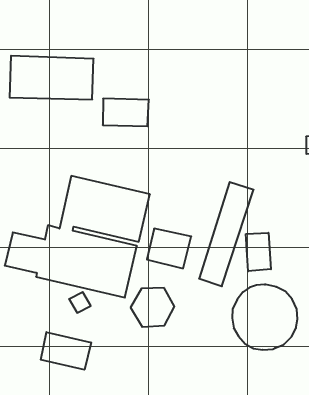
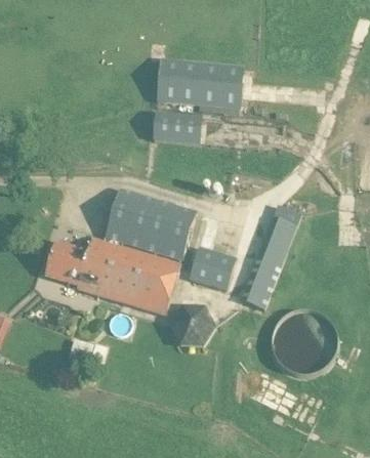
building: [10,56,94,99] -> [156,58,243,108]
building: [246,233,271,271] -> none
building: [41,332,91,370] -> none

